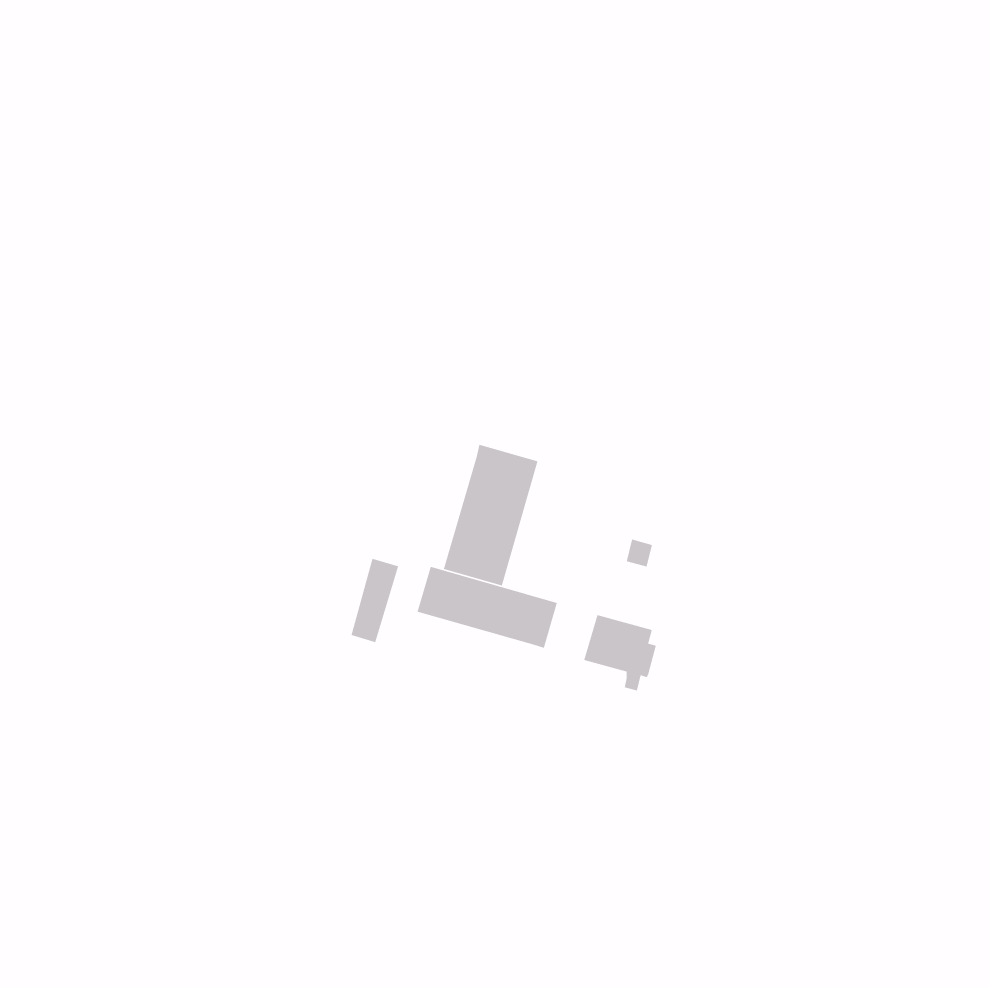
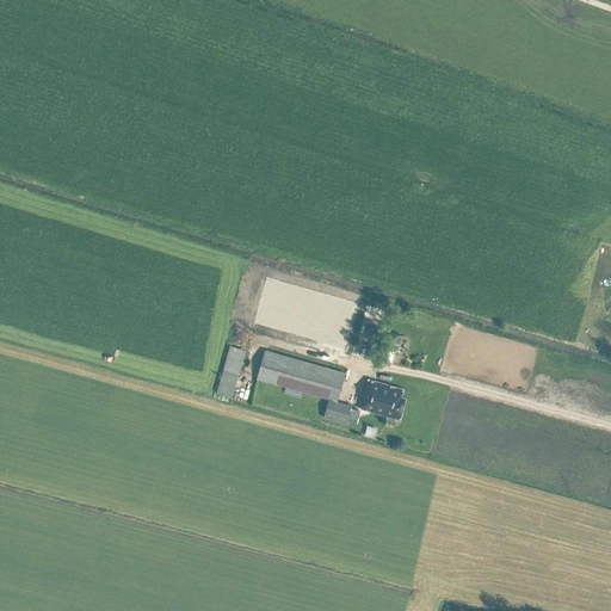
building: [443,444,539,586] -> none
building: none -> [323,399,358,425]

